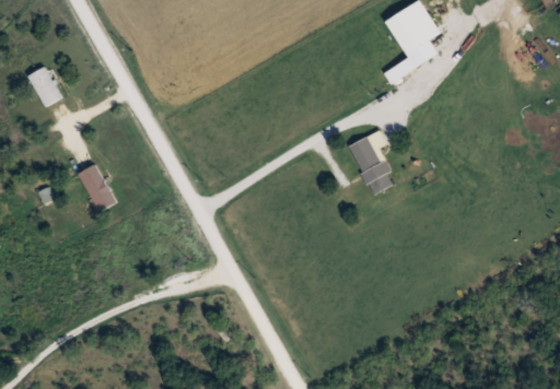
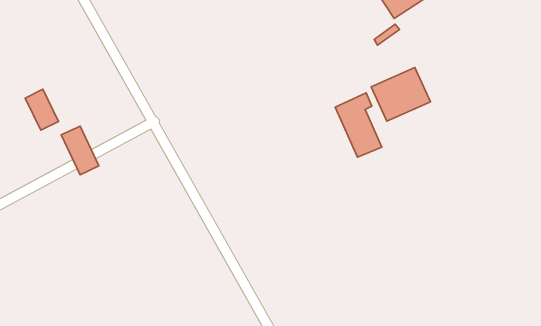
building: [27,67,60,107] -> [25,89,58,130]
building: none -> [371,67,430,121]

